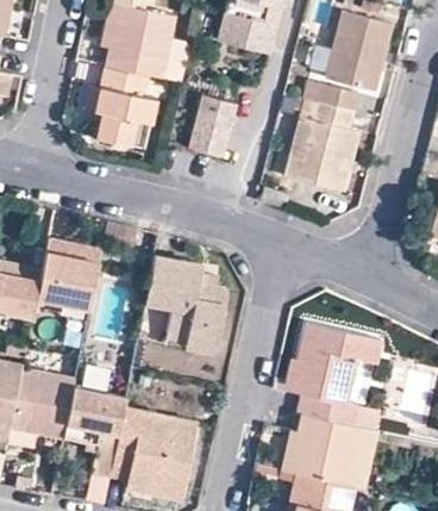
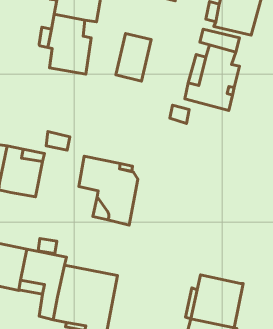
building: [296,325,384,426] -> none

